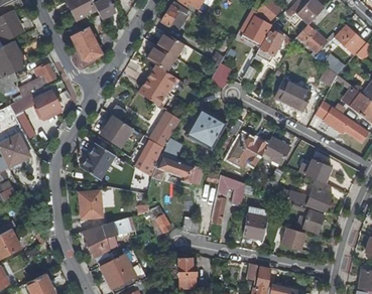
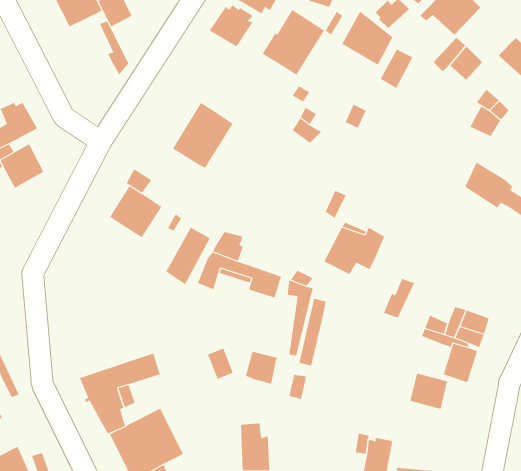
building: [71,26,104,59] -> none
building: [145,30,183,70] -> [262,9,325,75]
building: [274,79,312,111] -> none
building: [151,102,179,145] -> none
building: [189,110,226,147] -> none
building: [262,137,292,164] -> none
building: [80,142,114,178] -> none
building: [299,160,332,183] -> none
building: [79,190,102,216] -> none
building: [244,213,269,241] -> none

